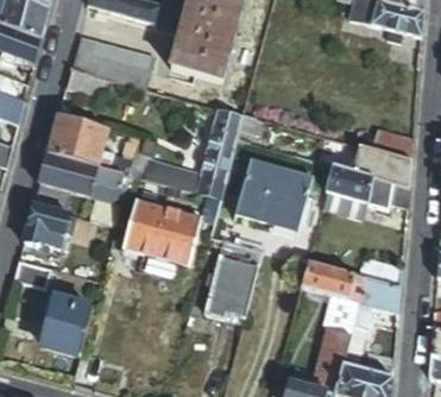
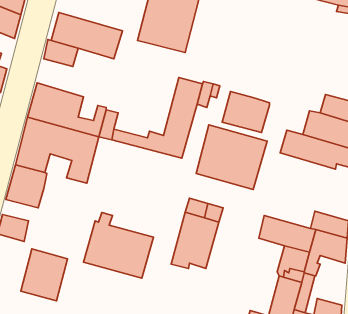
building: none -> [222,91,270,133]
building: [121,191,199,264] -> [83,212,154,278]

